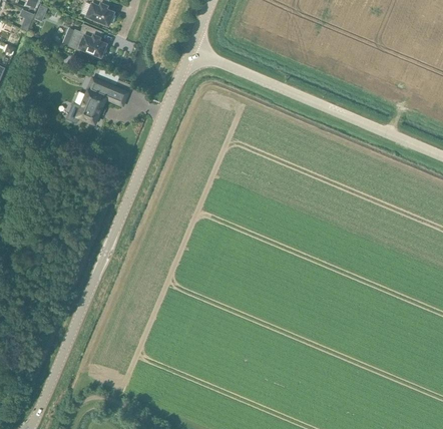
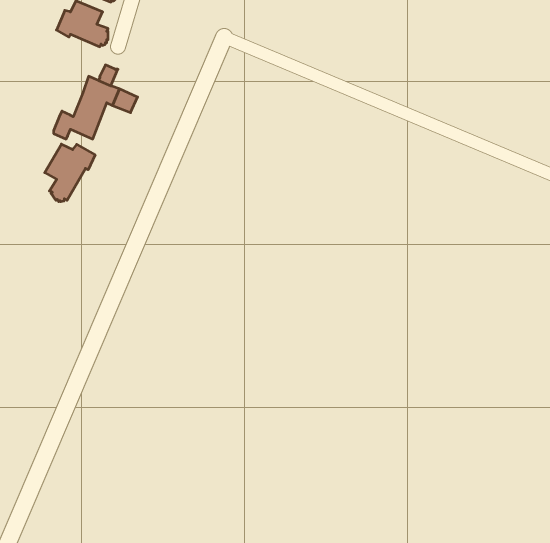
building: none -> [45,144,95,202]

